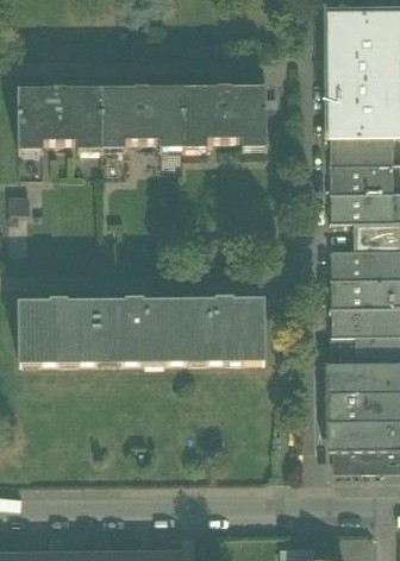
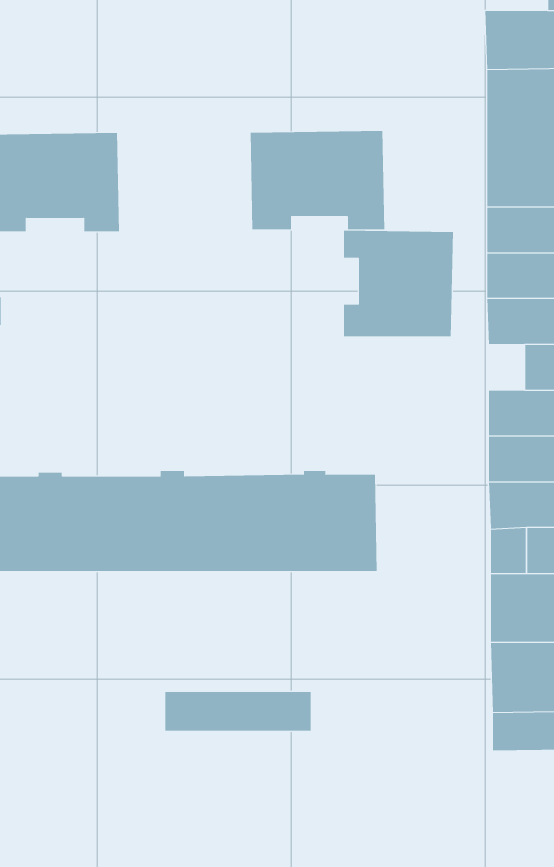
building: [104,86,187,147] -> none
building: none -> [344,230,453,337]
building: none -> [165,691,311,731]

